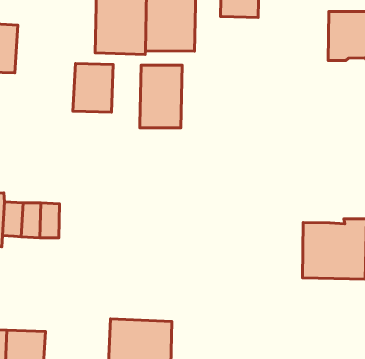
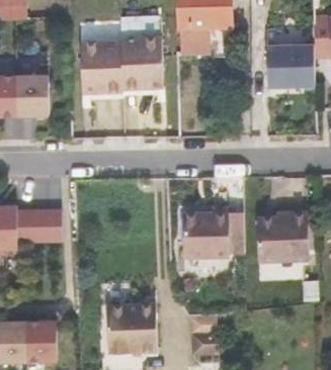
building: [73,64,113,112] -> [18,72,50,111]
building: [140,65,182,128] -> none
building: none -> [184,208,230,258]

